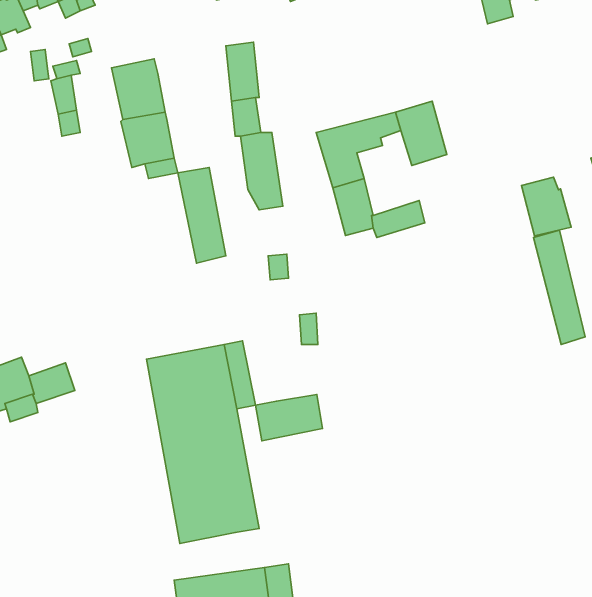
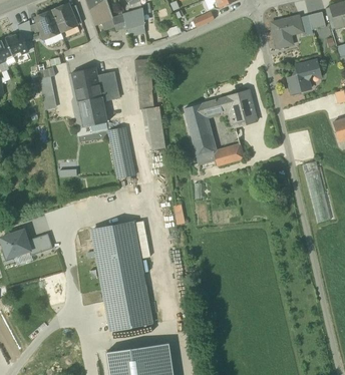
building: none -> [288,60,319,93]
building: none -> [97,71,119,100]
building: [522,177,571,236] -> none
building: [255,394,323,441] -> none

